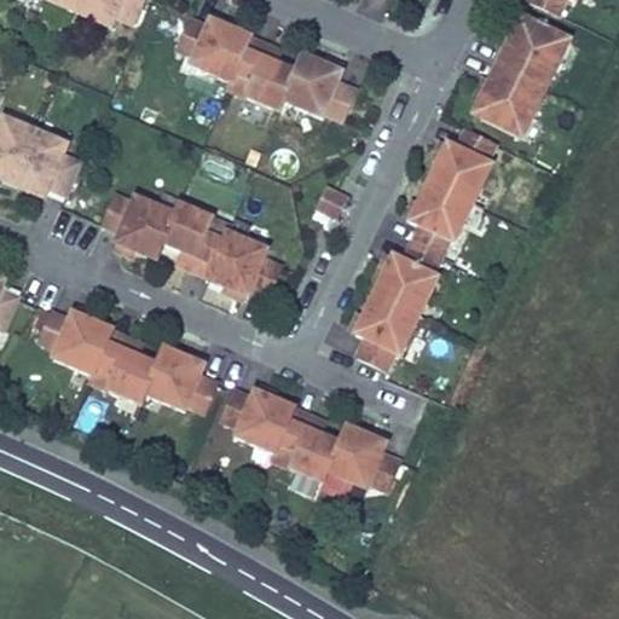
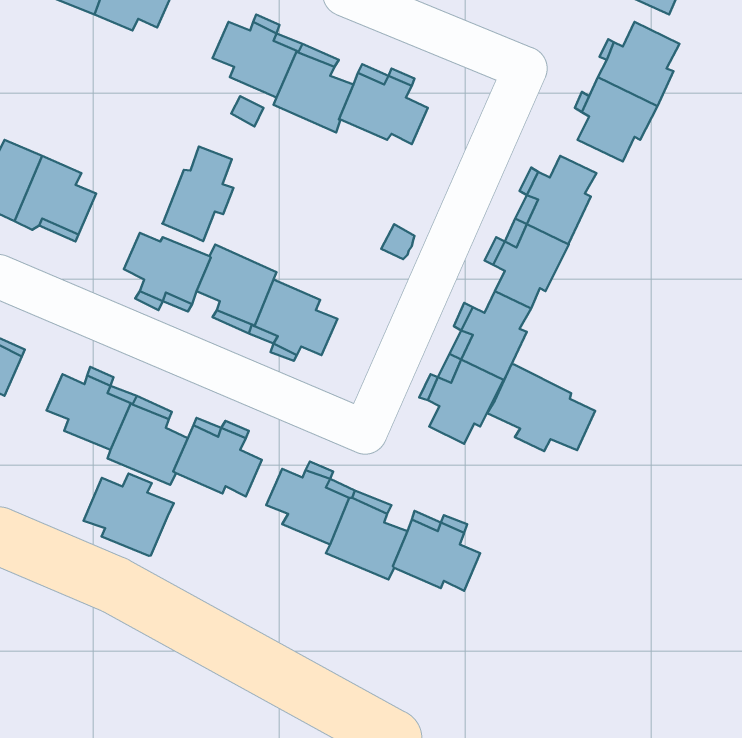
building: none -> [162,146,234,241]
building: none -> [487,364,595,451]
building: none -> [84,474,174,556]

